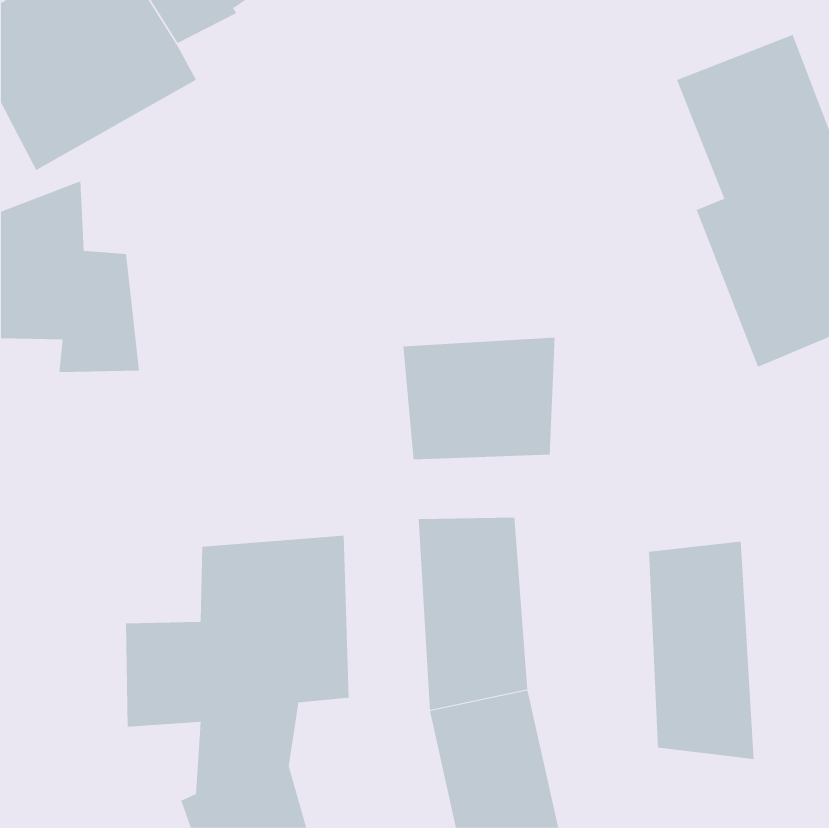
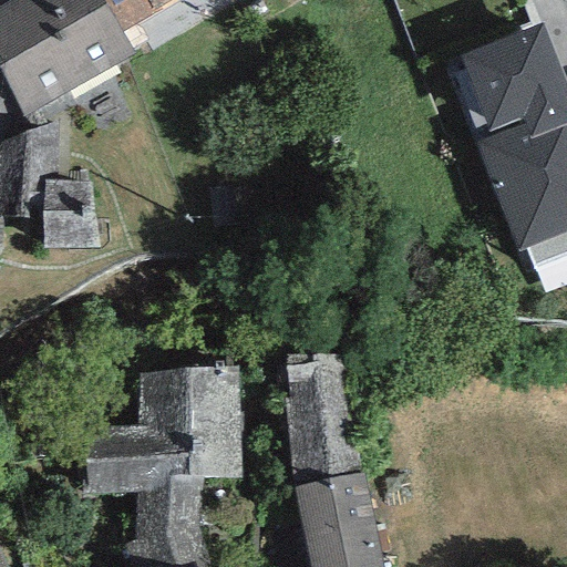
building: [403,337,555,460] -> none
building: [648,541,754,760] -> none

